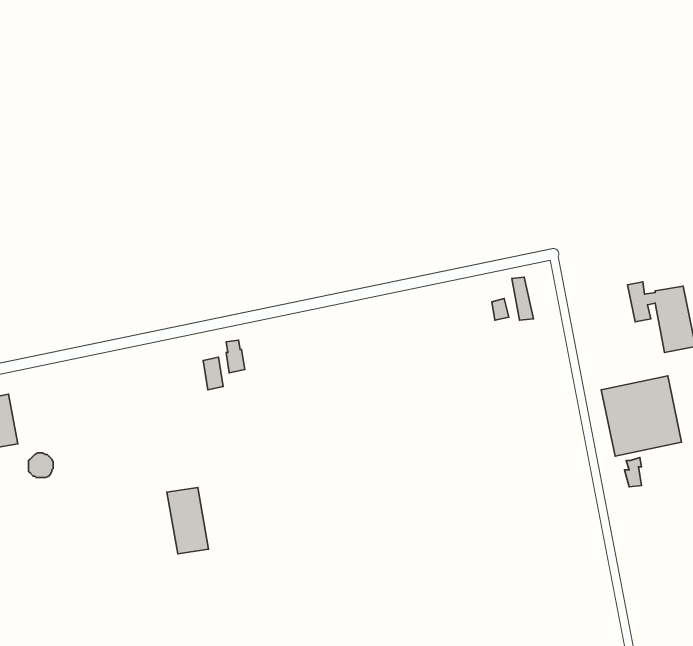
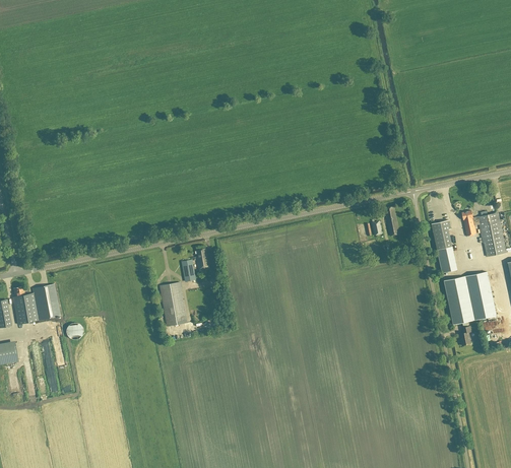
building: none -> [430,220,456,273]
building: [167,487,209,554] -> [158,282,186,326]

